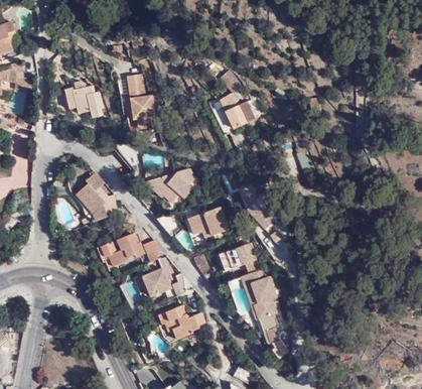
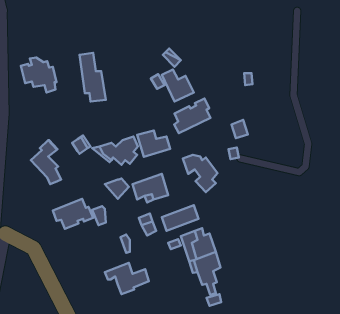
building: none -> [174,98,210,133]
building: none -> [137,130,170,157]
building: [141,270,168,296] -> none

